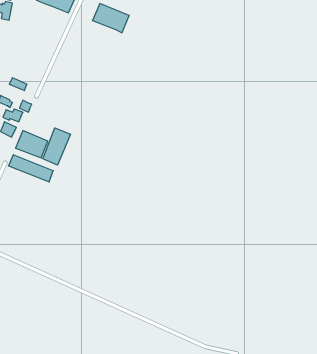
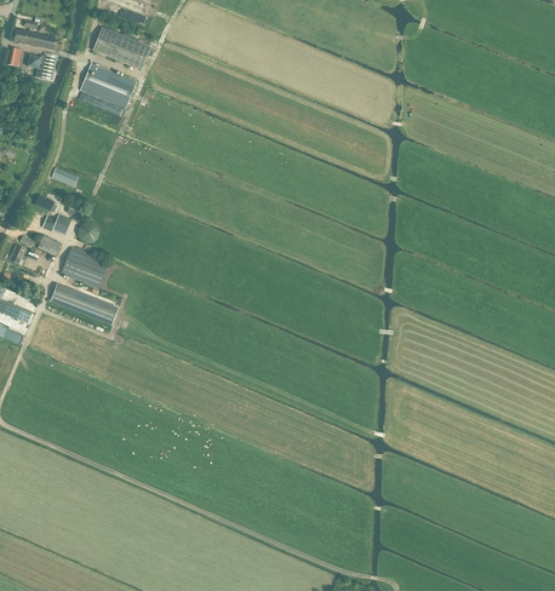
building: [92,4,129,32] -> [80,64,136,108]
building: [43,128,70,165] -> none

